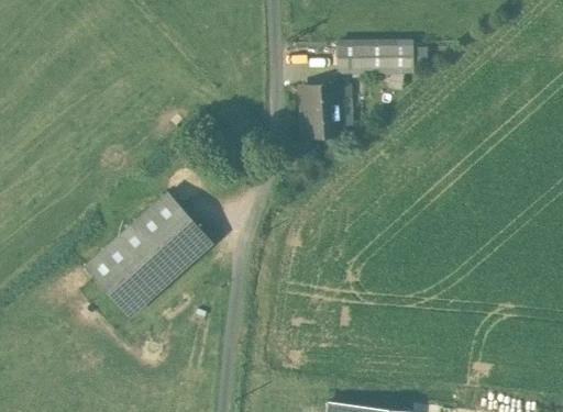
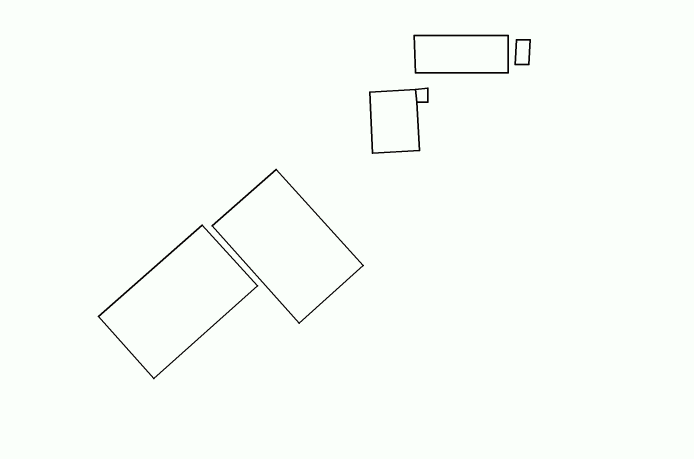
building: none -> [212,170,363,323]

